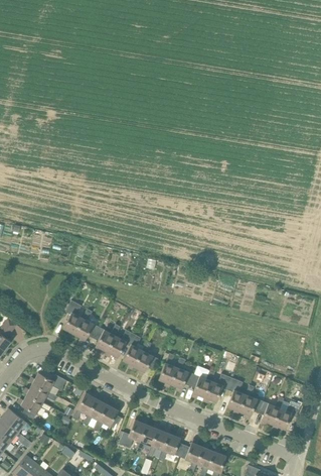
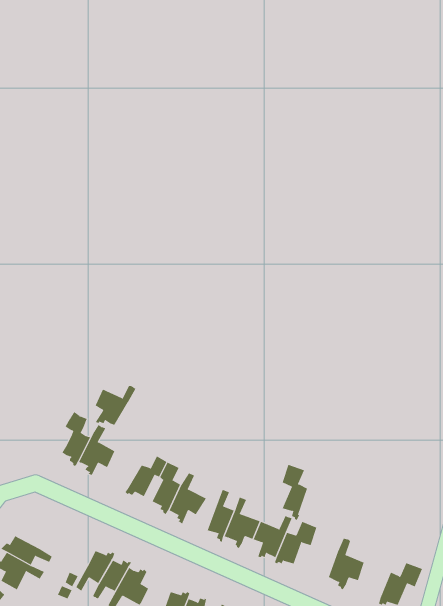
building: [93,326,120,352] -> [95,386,136,425]
building: [28,373,65,392] -> none
building: [226,378,244,415] -> [282,464,308,521]
building: [258,396,283,426] -> none

